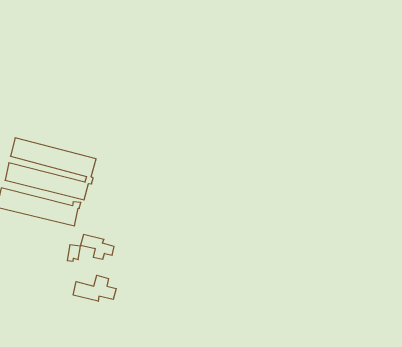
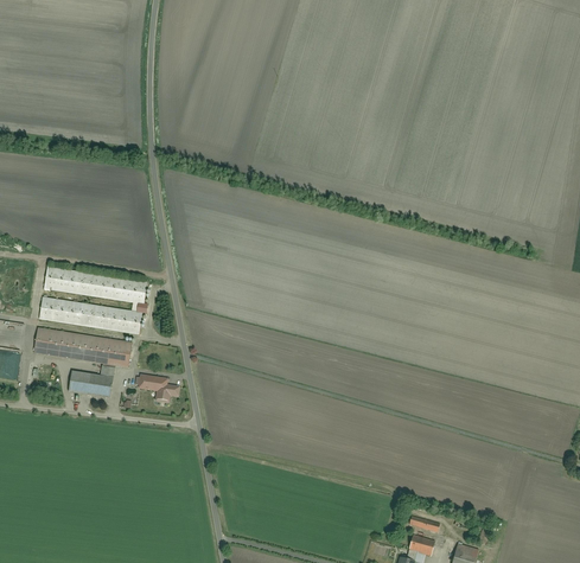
building: none -> [70,366,114,395]
building: [73,275,116,301] -> none

